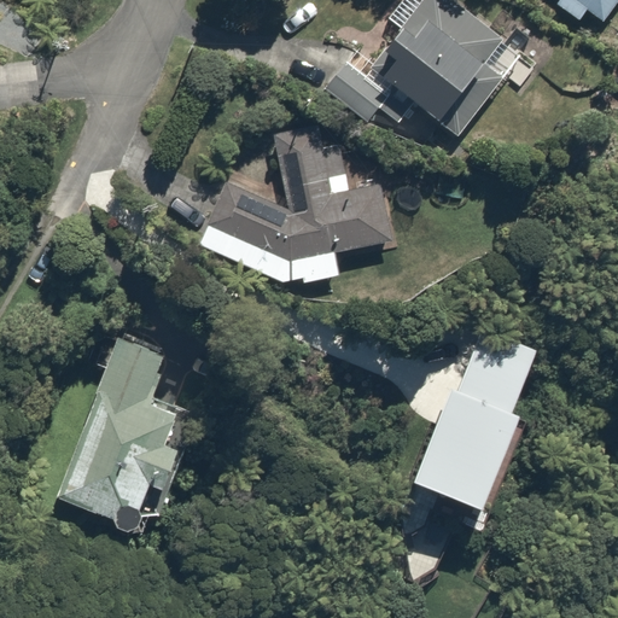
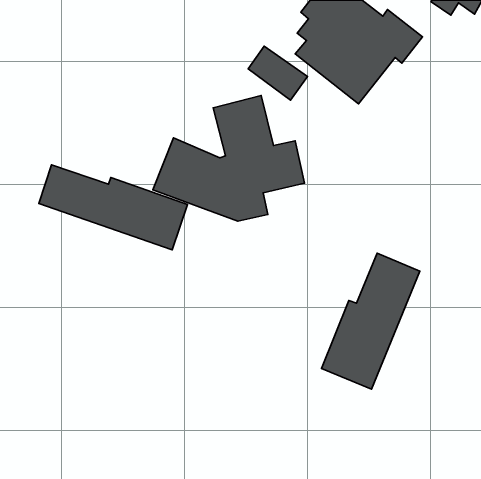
building: none -> [39,165,188,250]
building: [53,327,205,536] -> none

